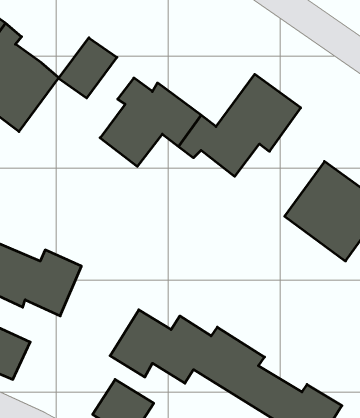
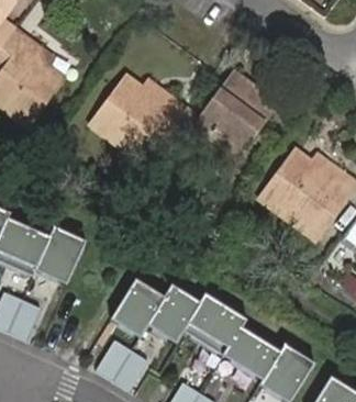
building: [59,38,117,98] -> none

